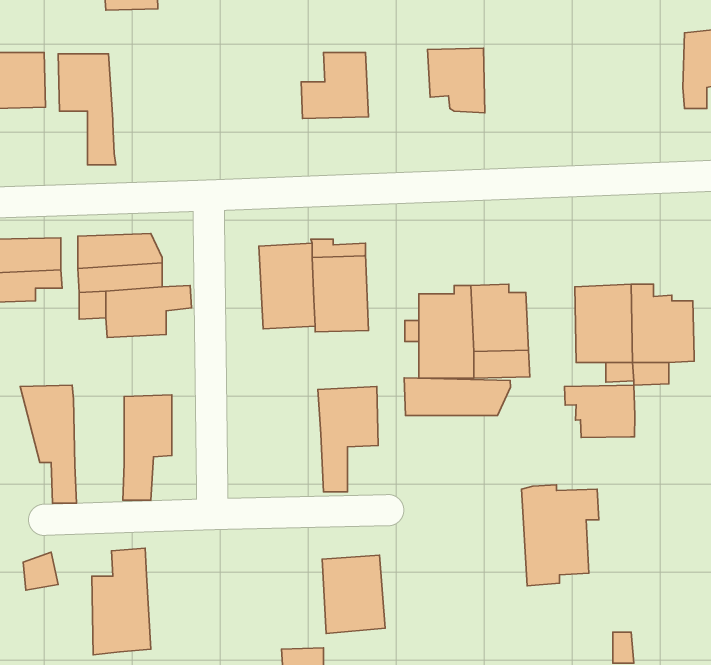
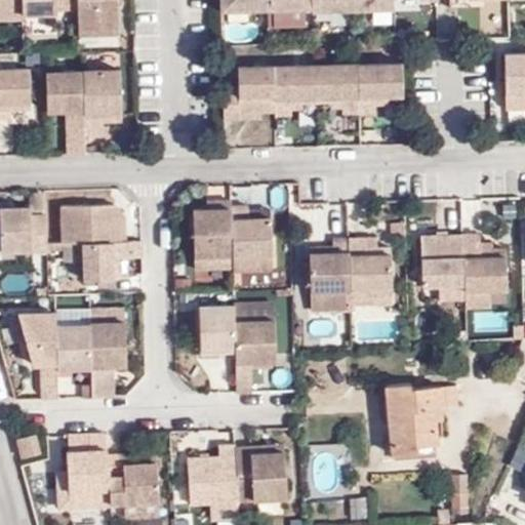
building: none -> [357,66,401,117]
building: none -> [271,68,318,117]
building: none -> [83,71,121,122]
building: none -> [199,298,238,350]
building: [404,378,510,416] -> none
building: [564,385,635,437] -> none
building: none -> [57,321,94,371]
building: none -> [191,440,242,497]
building: none -> [111,451,161,506]

